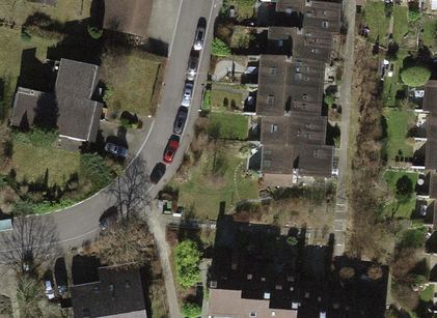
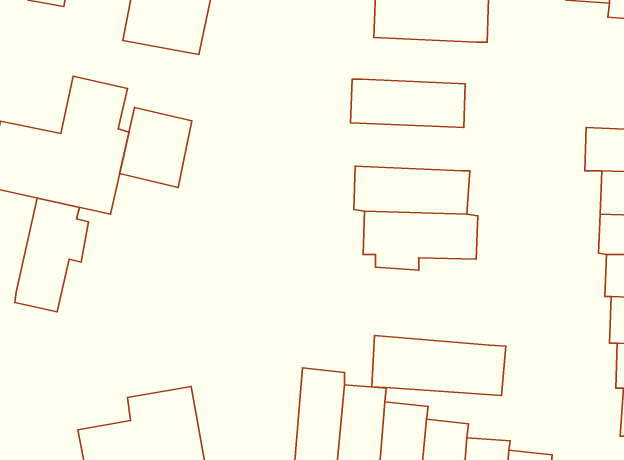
building: [261,26,337,57] -> none
building: none -> [120,107,192,188]
building: [252,83,329,115] -> none
building: none -> [15,198,88,312]
building: none -> [372,335,506,396]

